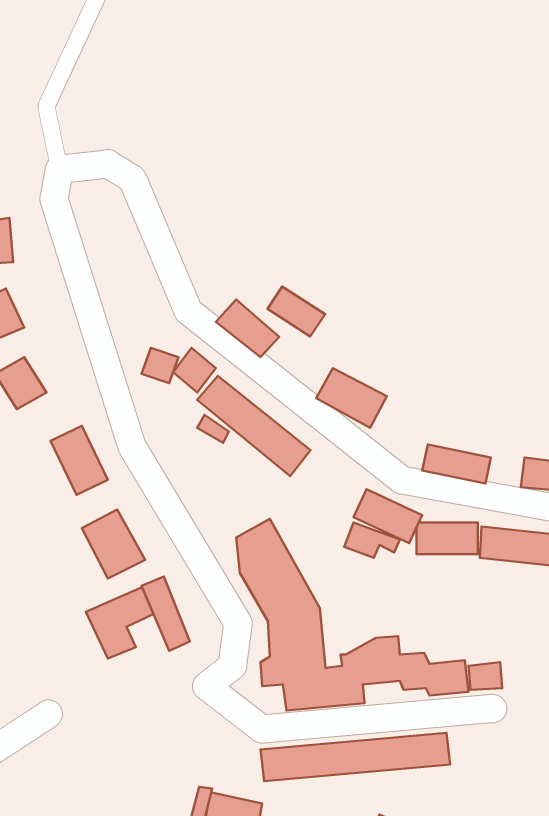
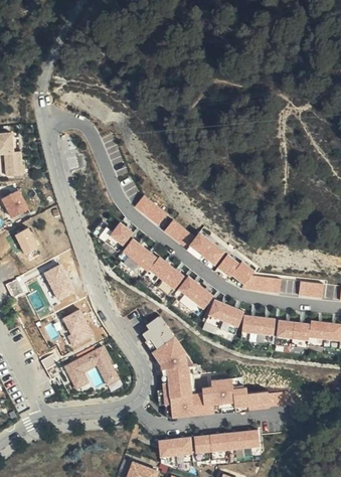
building: [267,286,325,337] -> [163,220,194,248]
building: none -> [216,253,253,286]
building: none -> [177,275,213,315]

